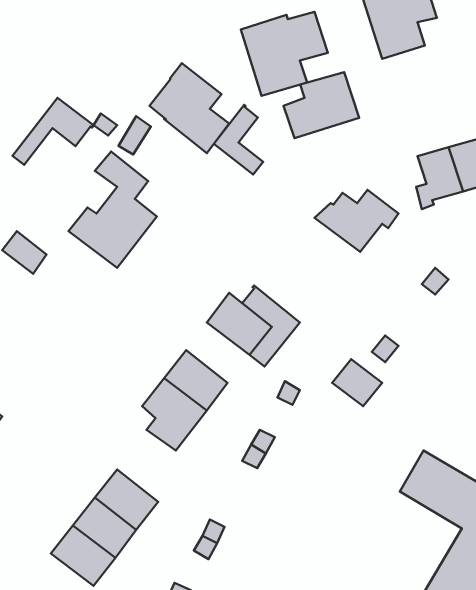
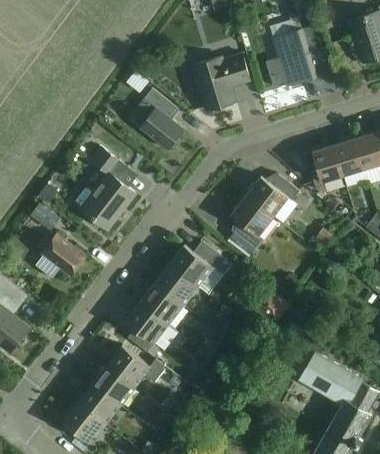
building: [283,72,359,138] -> none
building: [13,98,94,165] -> none
building: [214,105,263,174] -> none
building: none -> [231,193,273,248]
building: none -> [36,233,86,277]
building: none -> [155,264,198,305]
building: none -> [108,344,166,386]

